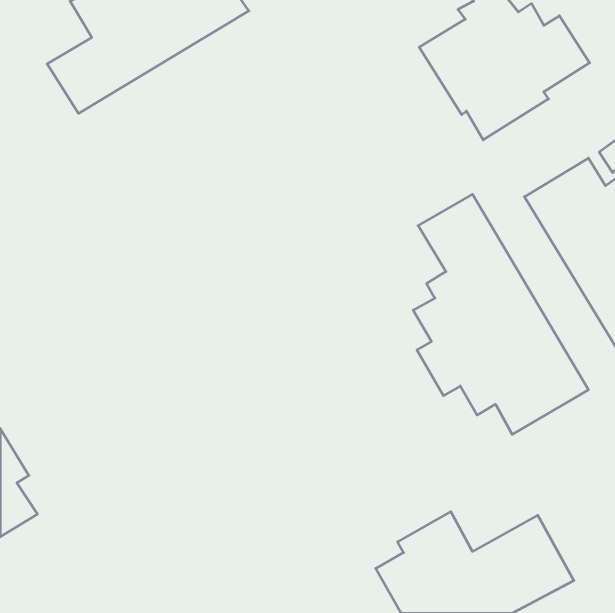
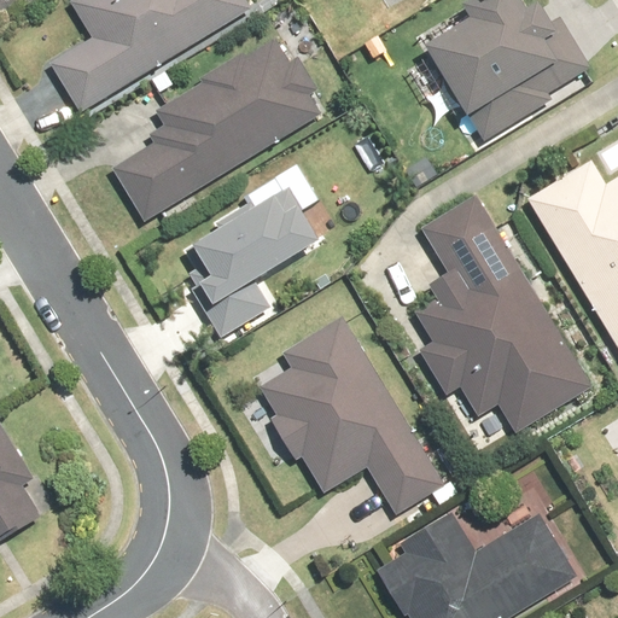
building: none -> [113,39,322,221]
building: none -> [190,165,315,332]
building: none -> [258,319,442,509]

